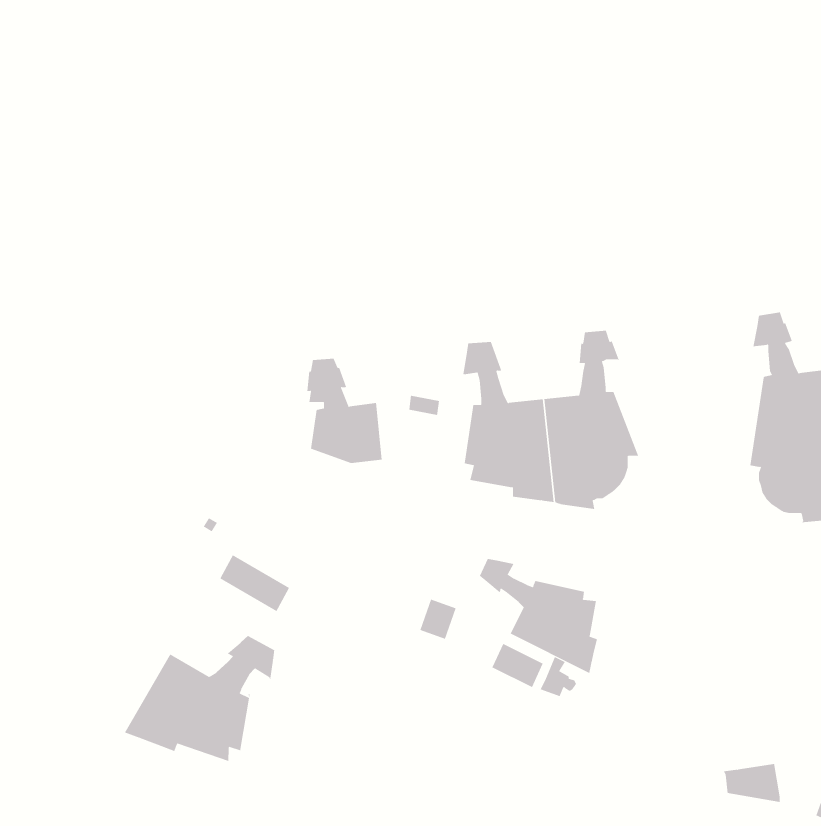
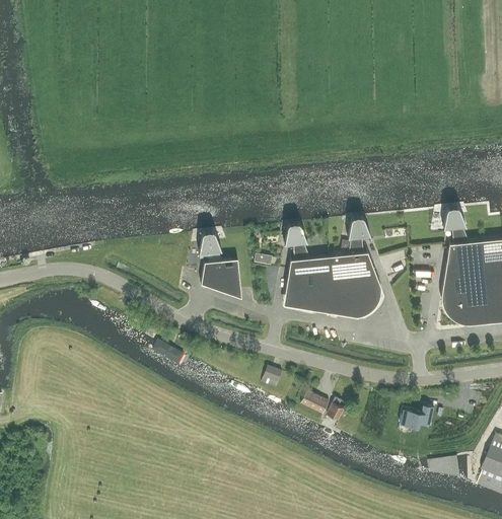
building: [479,558,597,674] -> none
building: [124,635,275,762] -> none
building: none -> [400,405,434,428]

